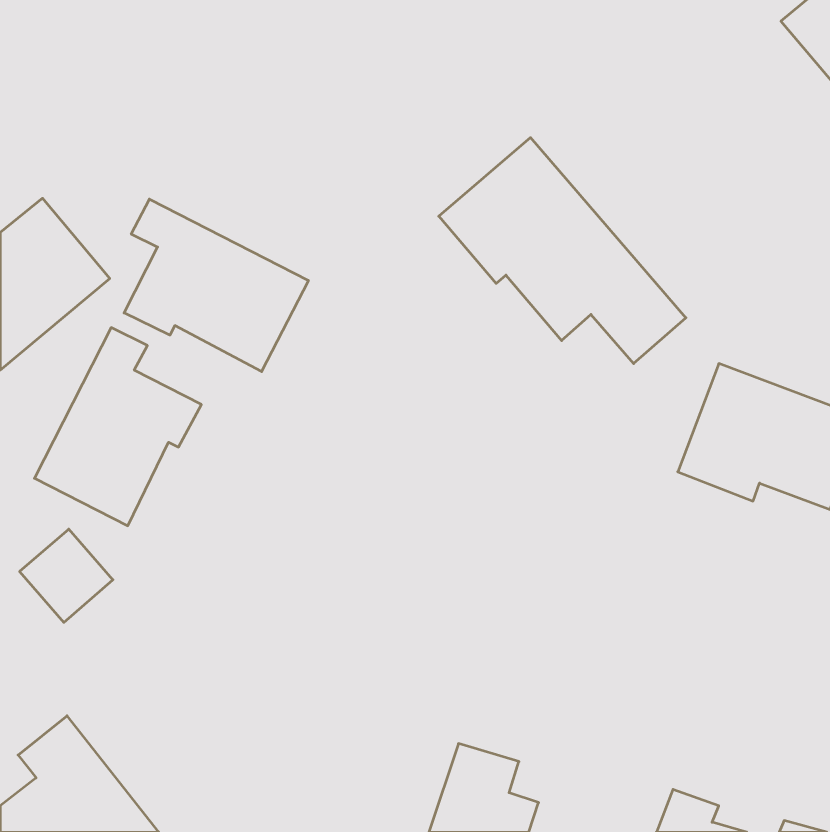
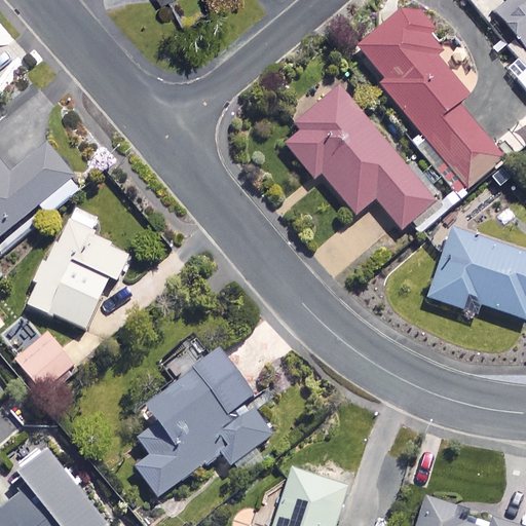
building: none -> [355,5,505,189]
building: [124,199,308,372] -> none
building: none -> [135,351,275,496]

